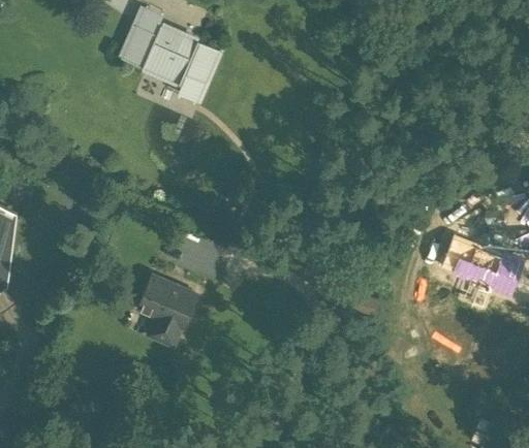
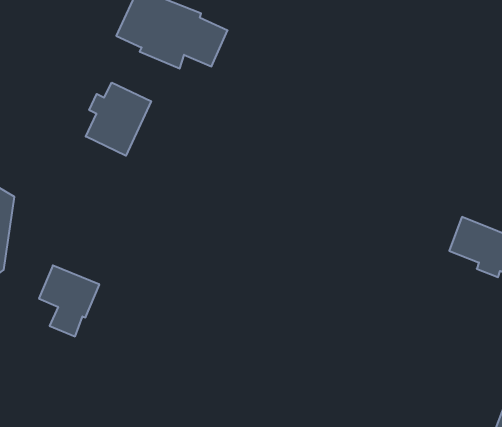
building: none -> [86,83,151,156]
building: [138,277,197,346] -> [39,265,99,336]

